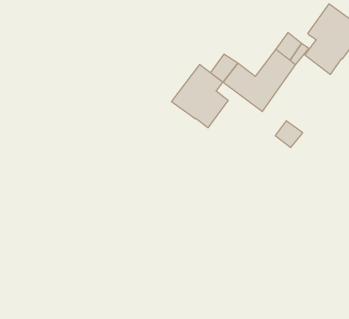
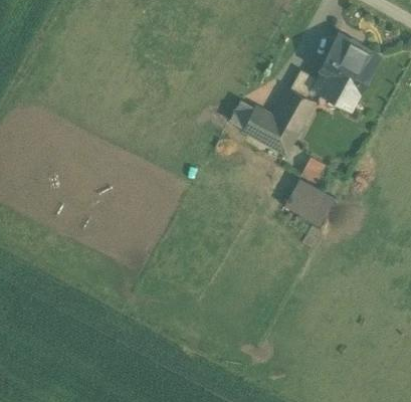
building: [171,64,228,128] -> none
building: none -> [285,179,334,222]

